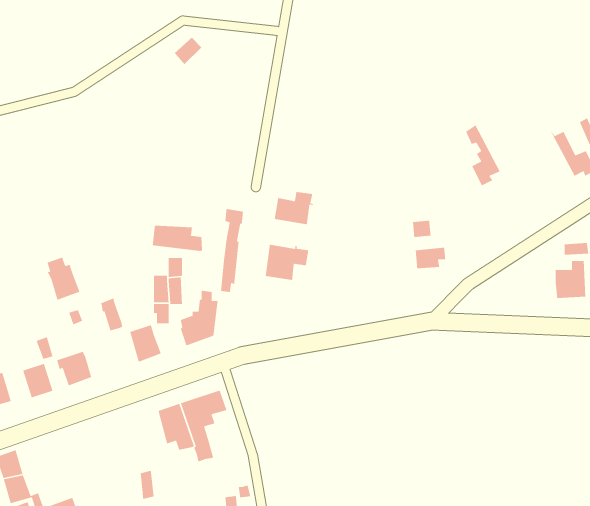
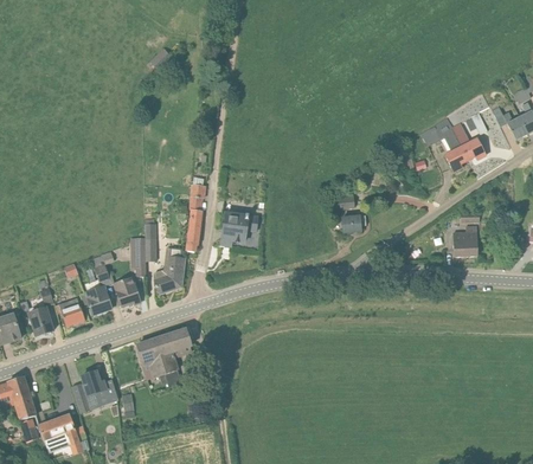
building: [465,124,501,187] -> [439,121,468,170]
building: [274,191,314,225] -> none
building: [152,225,203,252] -> none
building: [46,256,81,301] -> [84,278,111,314]
building: none -> [81,370,118,405]

